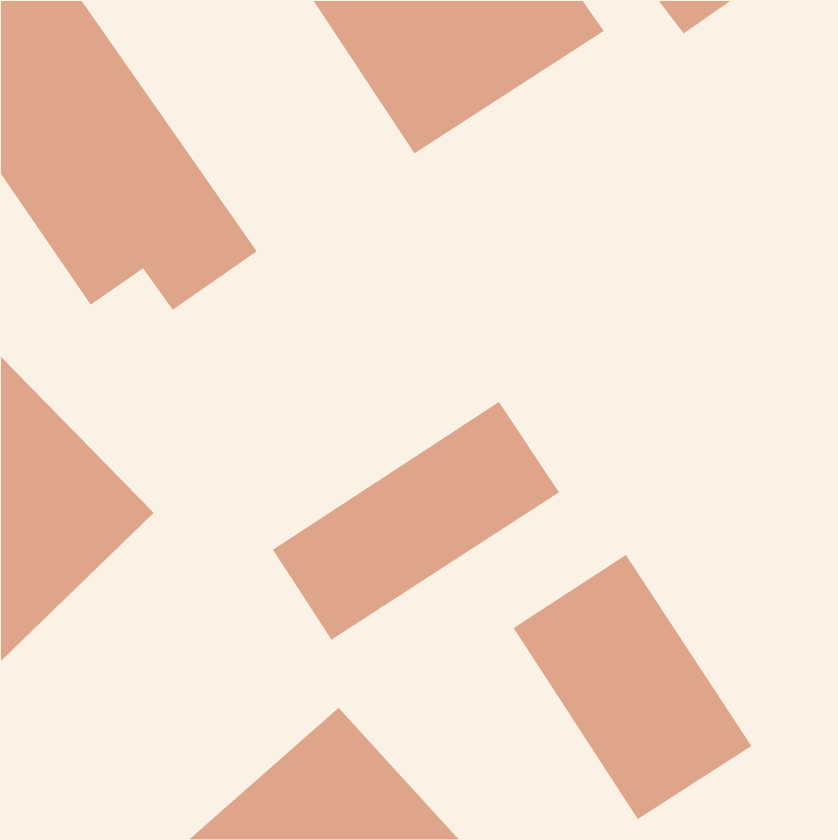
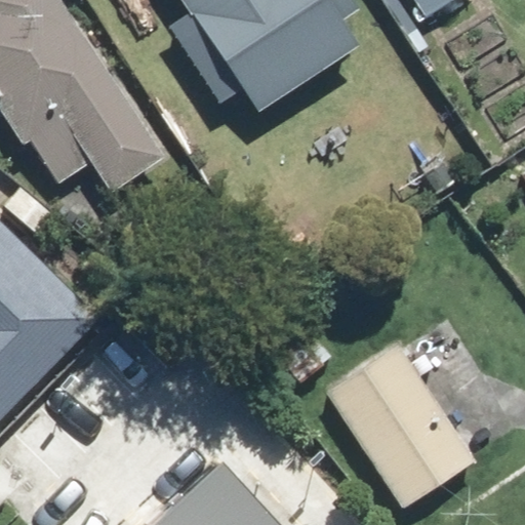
building: [272,401,560,641] -> none

